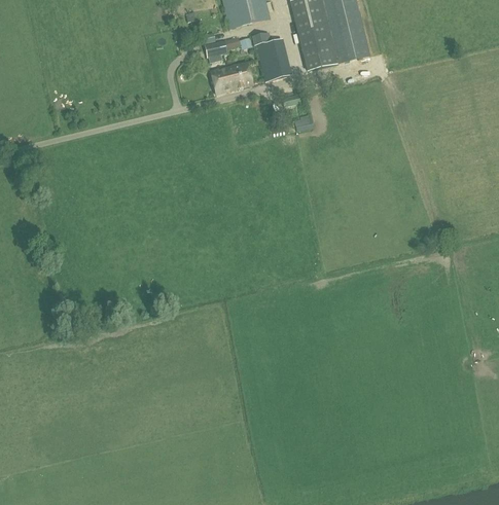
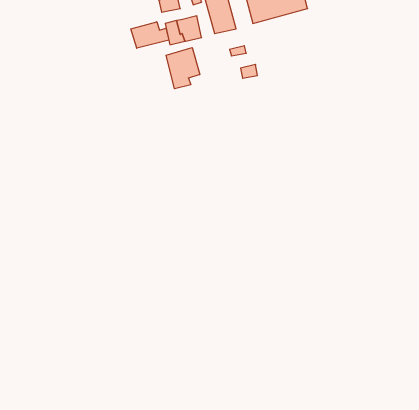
building: none -> [131,22,169,48]
building: none -> [166,48,200,89]

